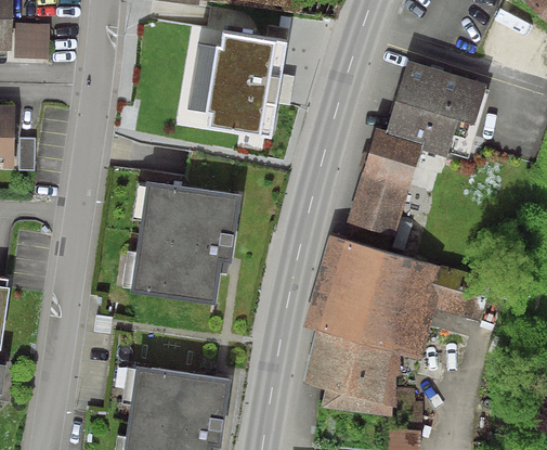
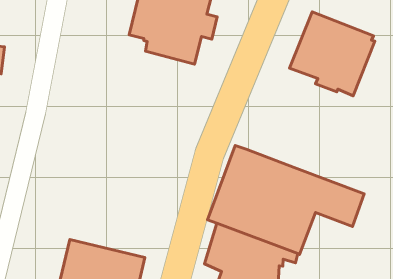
building: [342,127,422,253] -> none
building: [129,181,240,304] -> none

